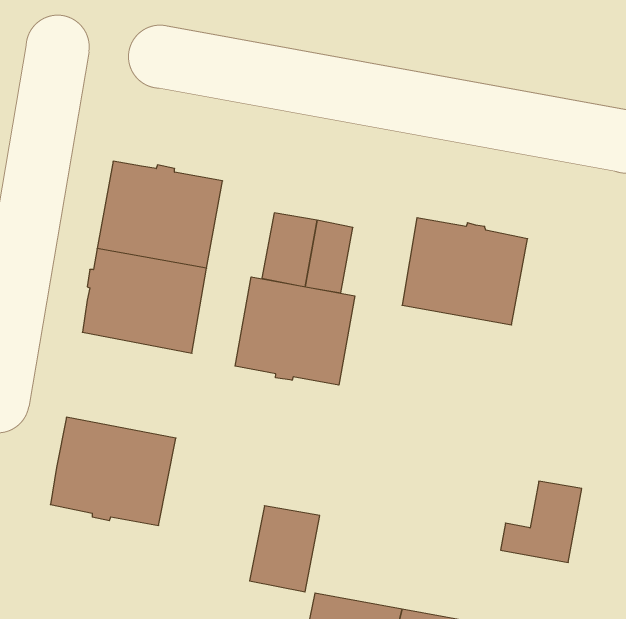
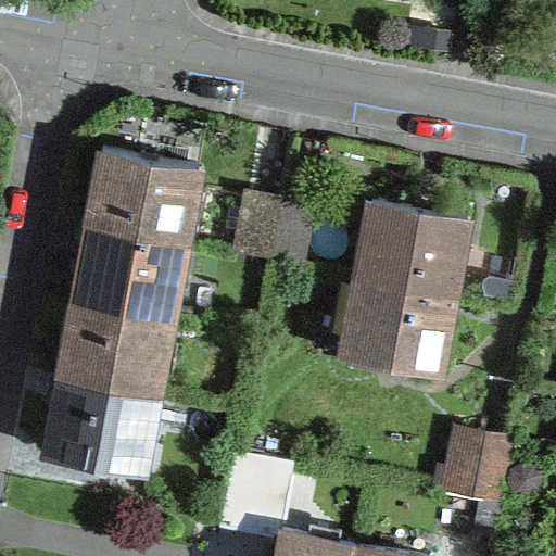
building: [235,277,355,385] -> none
building: none -> [339,278,454,375]
building: none -> [59,302,169,395]

